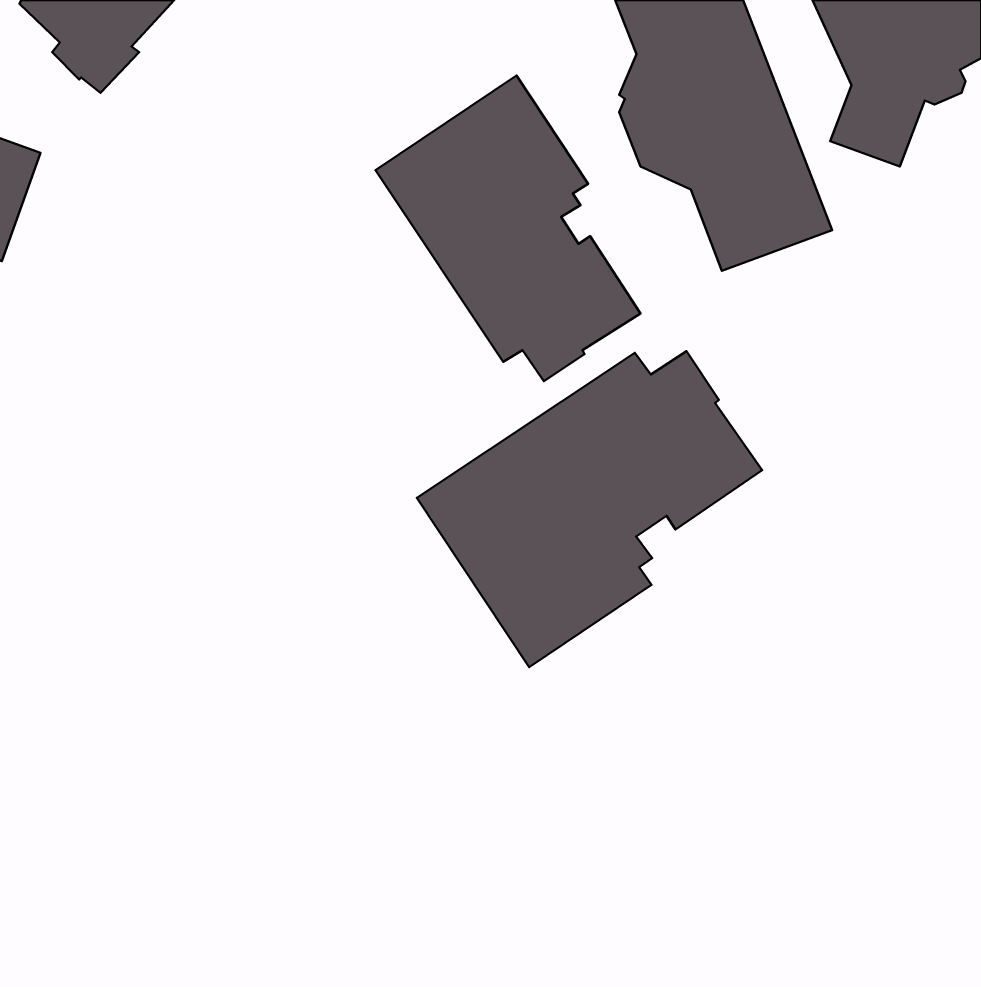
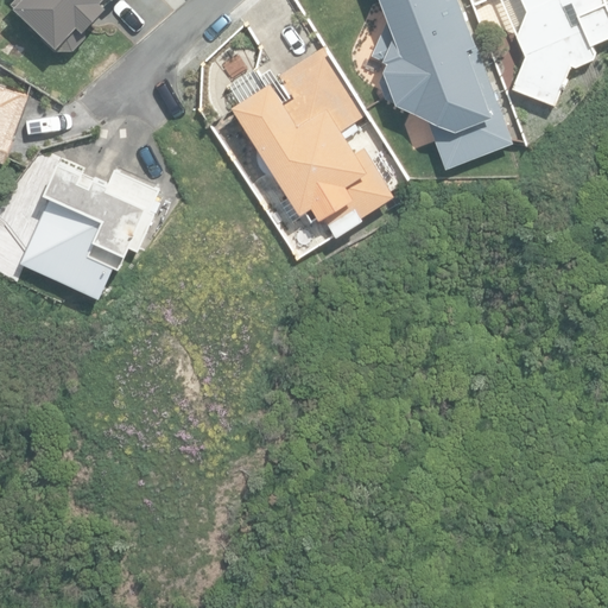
building: none -> [18,148,157,298]
building: [417,351,762,667] -> none

